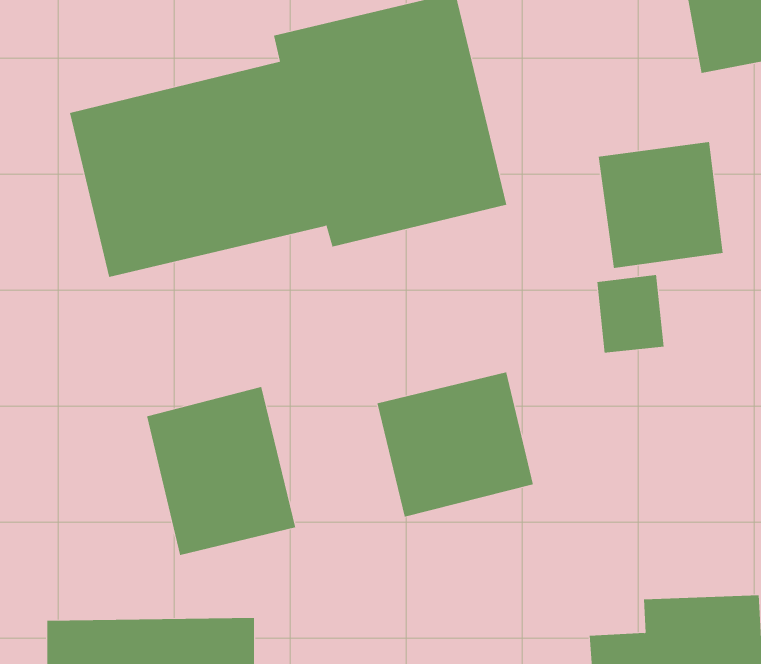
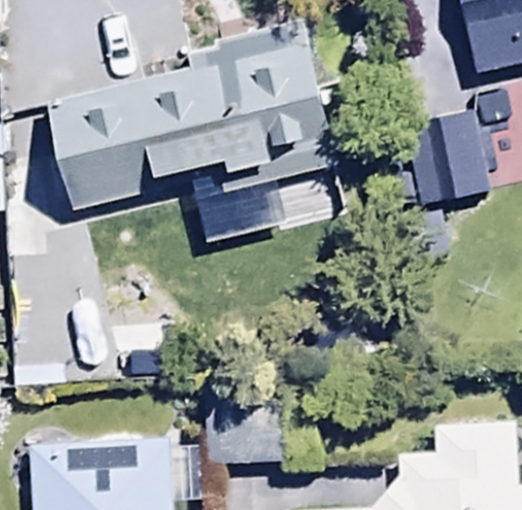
building: [377,371,534,517] -> none
building: [146,386,296,556] -> none

